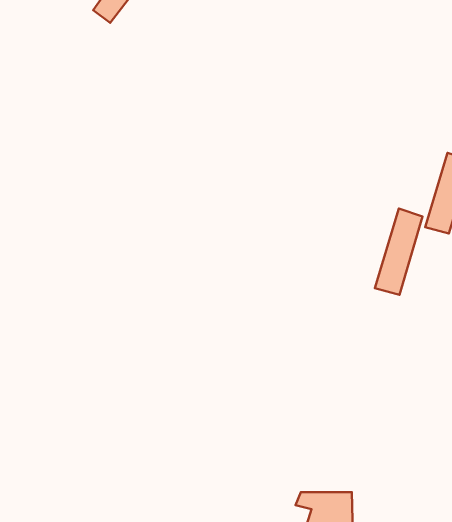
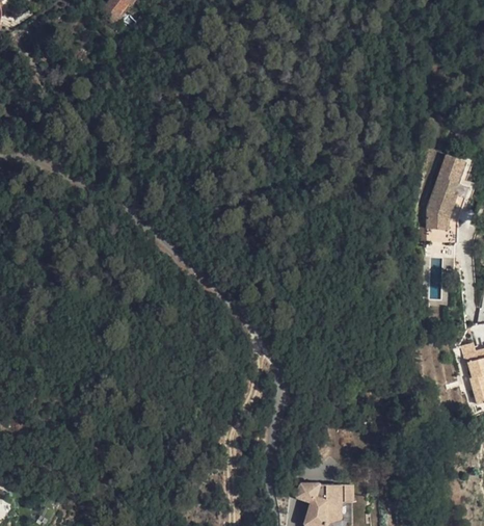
building: [375,209,423,295] -> none

